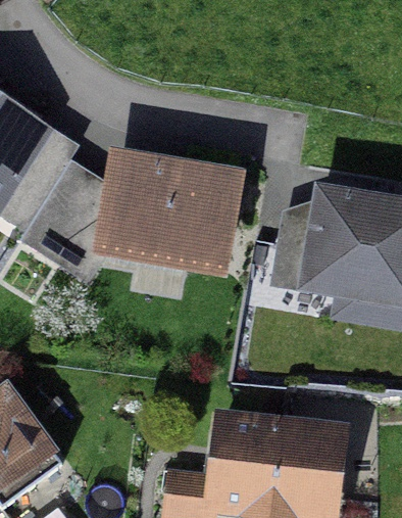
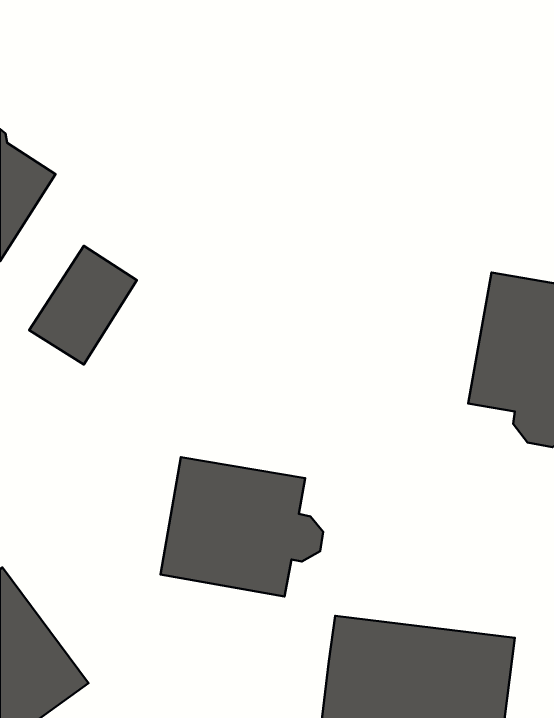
building: [101,155,231,258] -> none
building: none -> [161,457,323,596]

